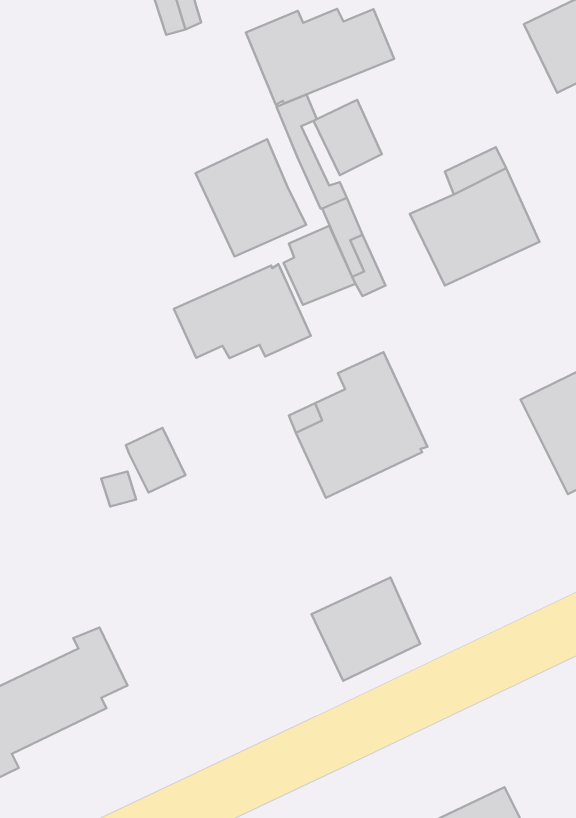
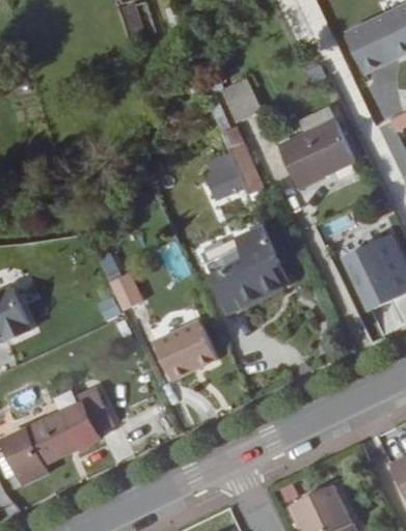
building: [246,9,394,105] -> none
building: [196,139,306,256] -> none
building: [174,264,311,358] -> none
building: [312,577,420,681] -> [153,319,217,381]

